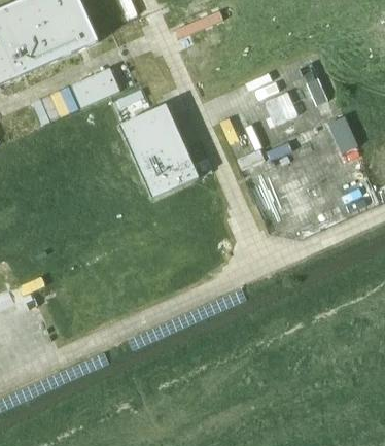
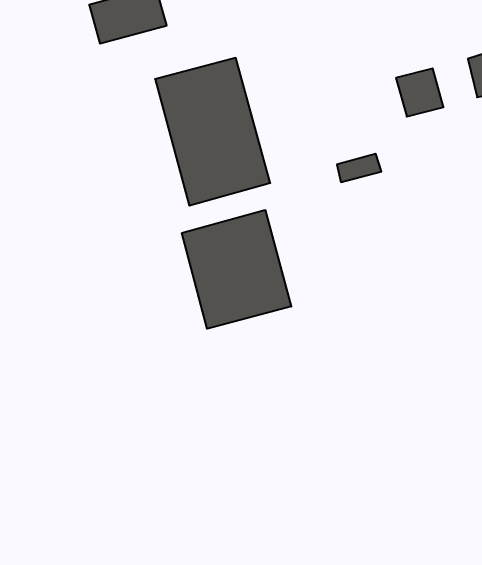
building: none -> [182,210,291,329]

